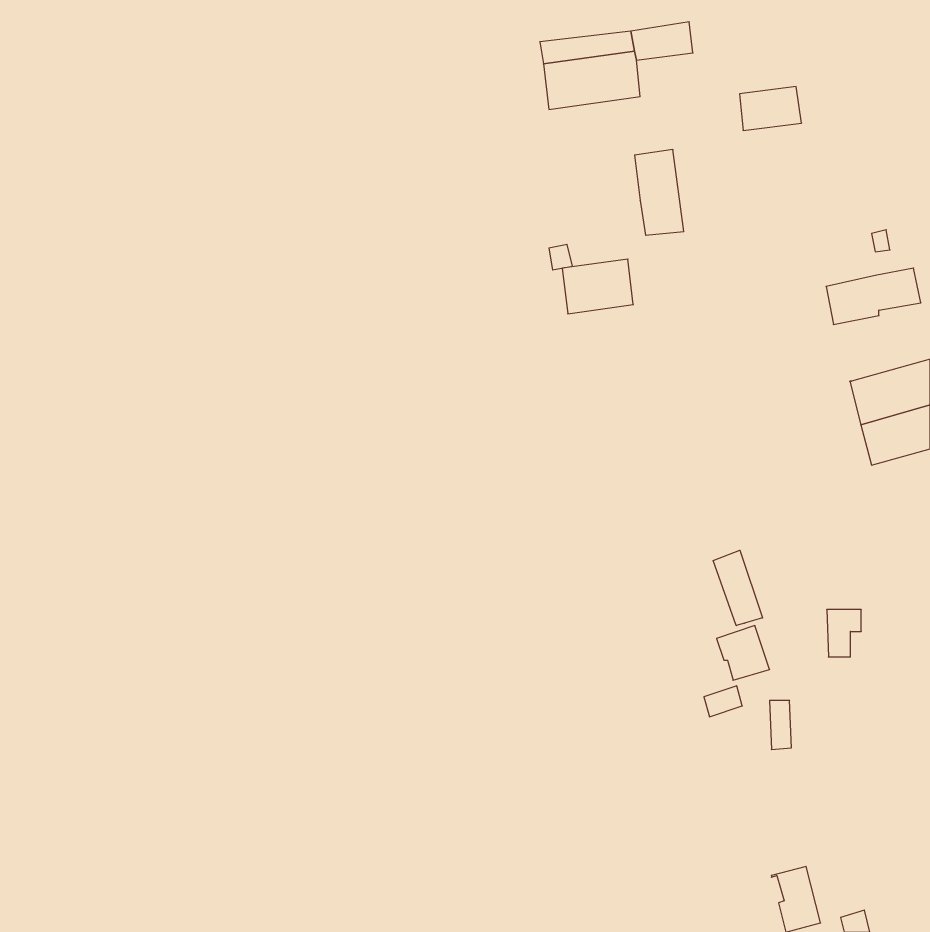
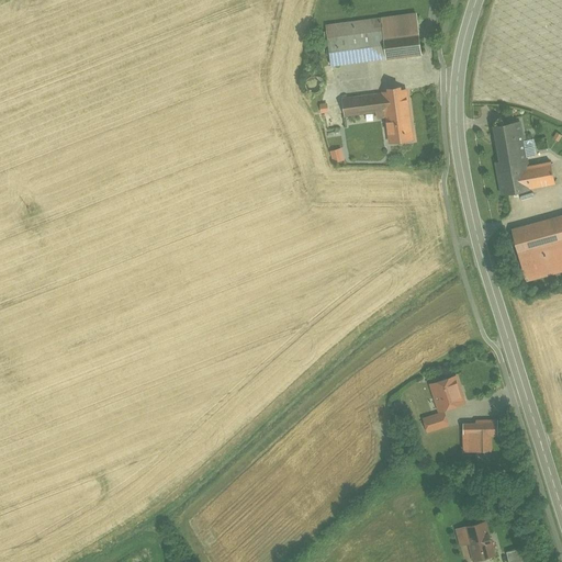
building: [740,87,802,130] -> [383,32,420,58]
building: none -> [493,122,527,172]
building: [562,259,633,314] -> [342,93,385,126]
building: [713,550,763,626] -> none
building: [827,610,861,657] -> [475,422,496,450]

